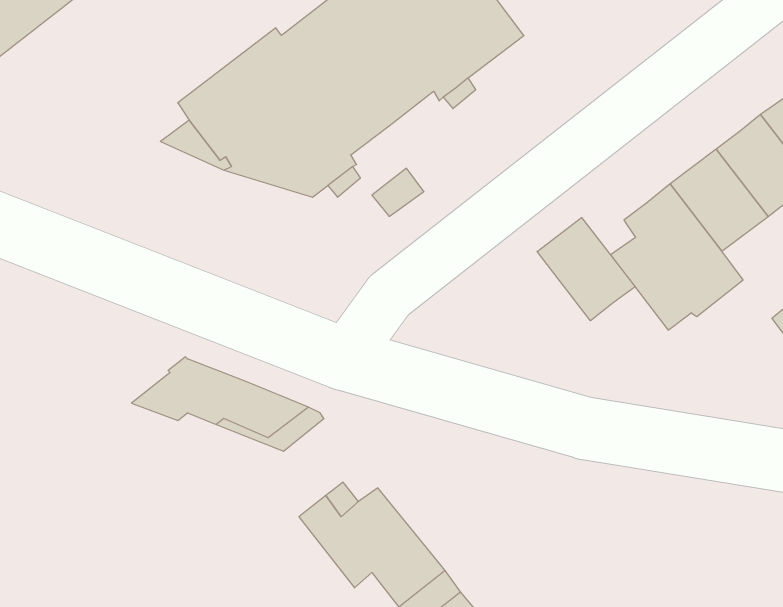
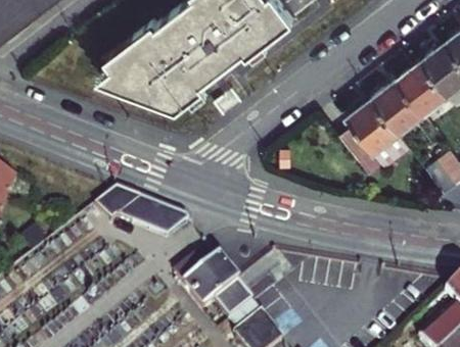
building: [537,218,635,321] -> none

